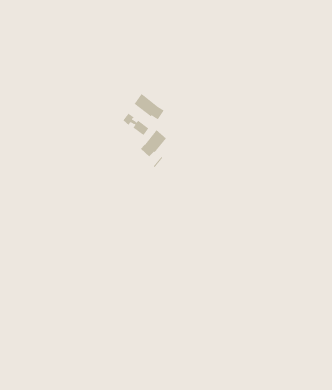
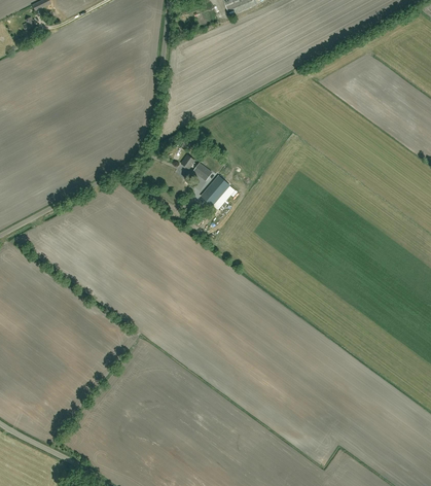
building: [134,93,165,120] -> none

